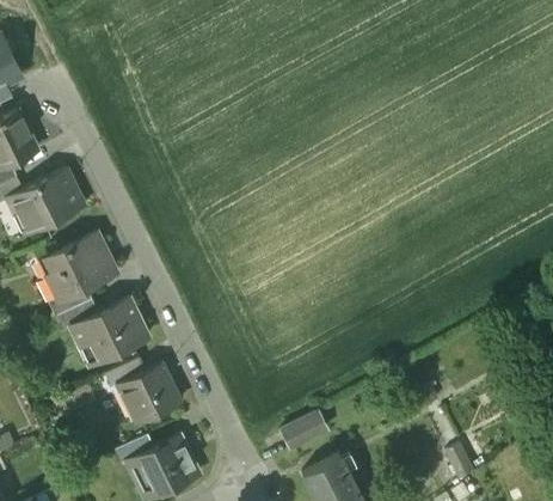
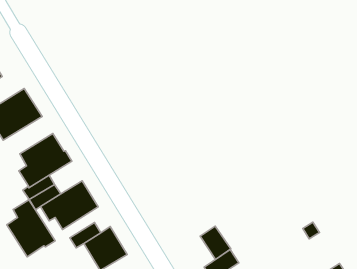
building: none -> [7,199,55,257]
building: none -> [200,226,231,259]

